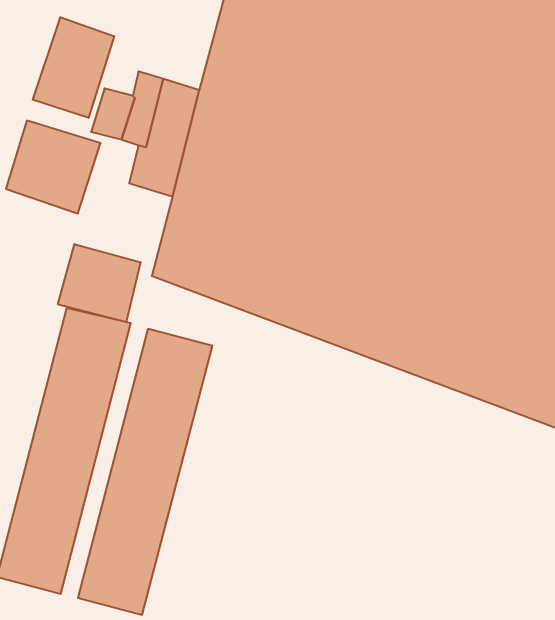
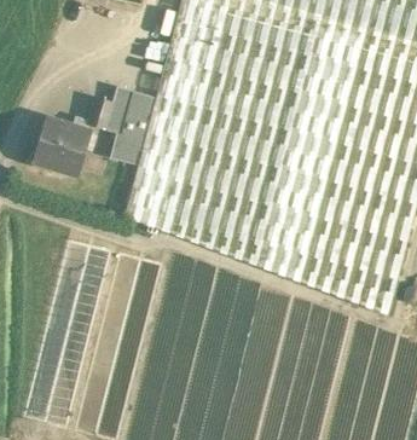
building: [33,17,114,118] -> none
building: [58,244,140,322] -> none

